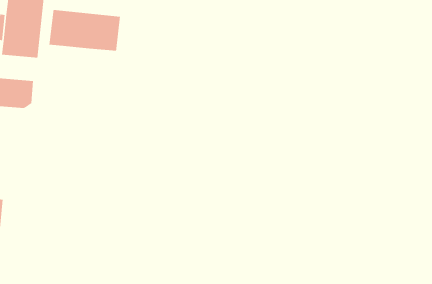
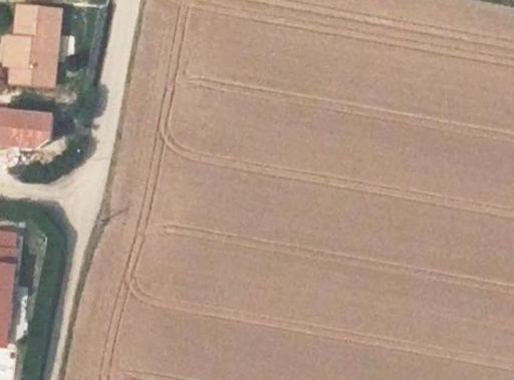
building: [49,9,120,51] -> none

